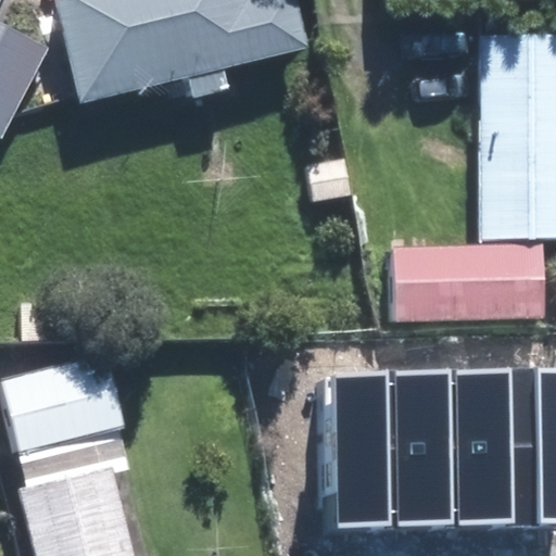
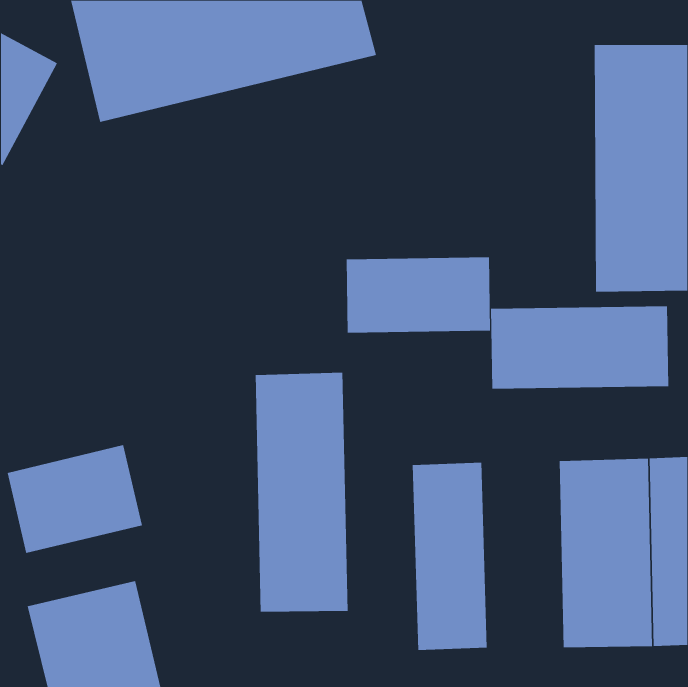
building: none -> [346,257,490,333]
building: none -> [255,372,348,612]
building: [389,372,454,523] -> none

